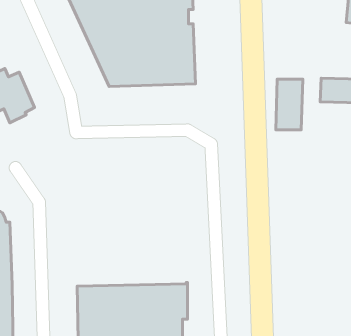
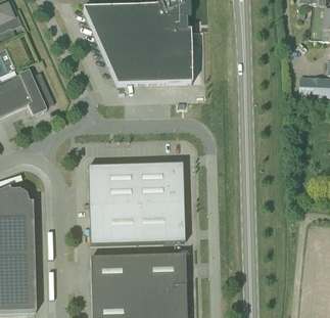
building: [276,79,303,130] -> none
building: none -> [87,164,183,244]

